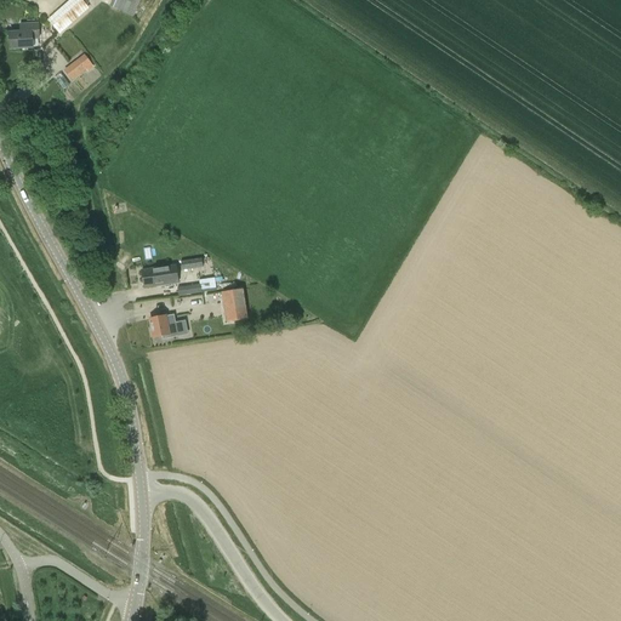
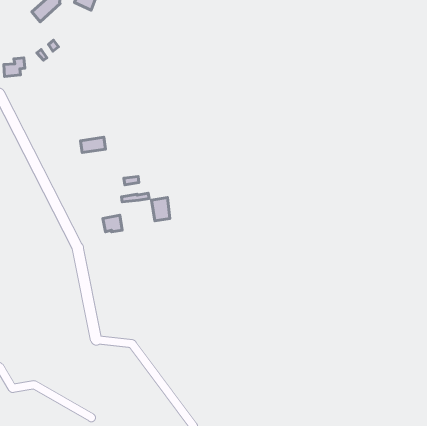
building: [7,21,38,47] -> [4,58,25,76]
building: [141,263,177,285] -> [80,137,106,152]

